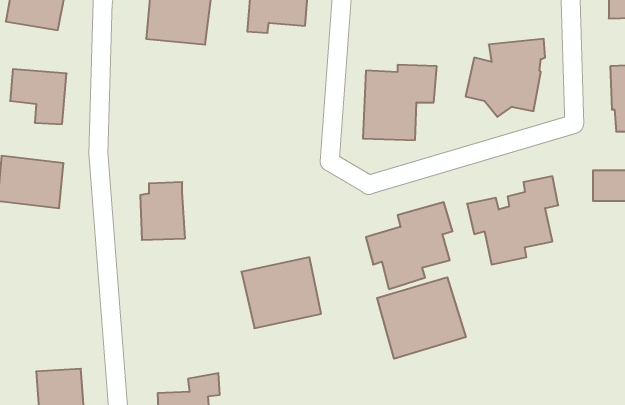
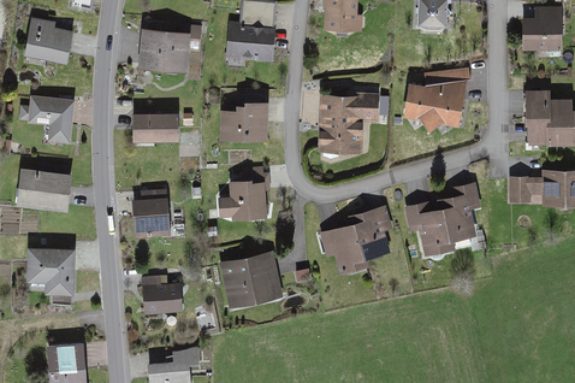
building: none -> [218,101,265,140]
building: none -> [134,113,179,142]
building: none -> [219,166,269,222]
building: none -> [26,246,73,294]
building: [377,277,466,359] -> none
building: none -> [141,273,180,314]

